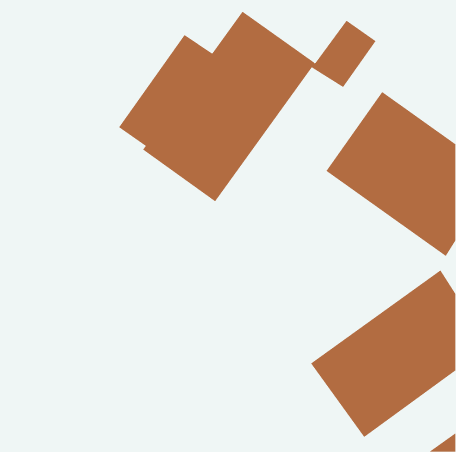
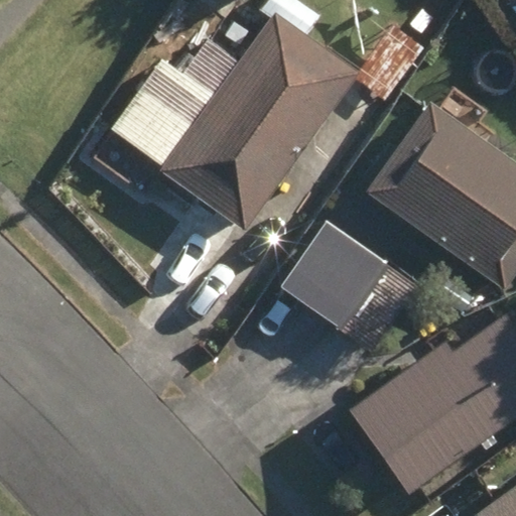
building: none -> [301,237,413,348]

